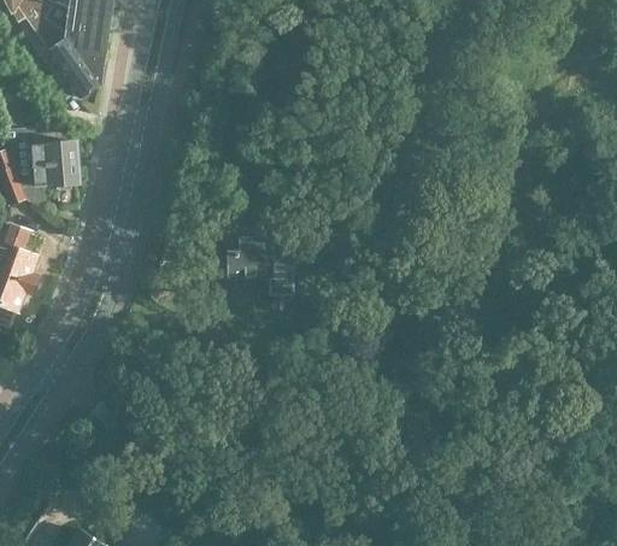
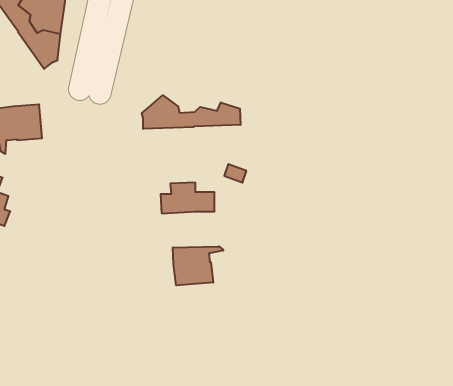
building: none -> [142,95,240,129]
building: none -> [173,246,223,285]

